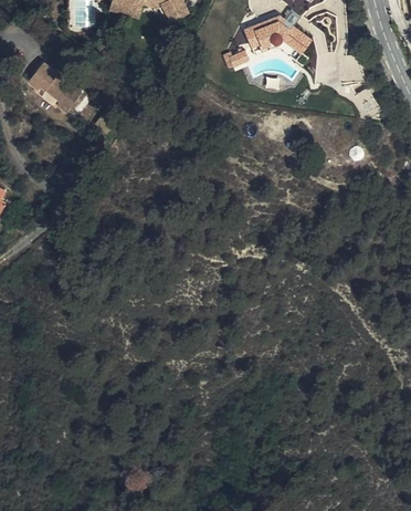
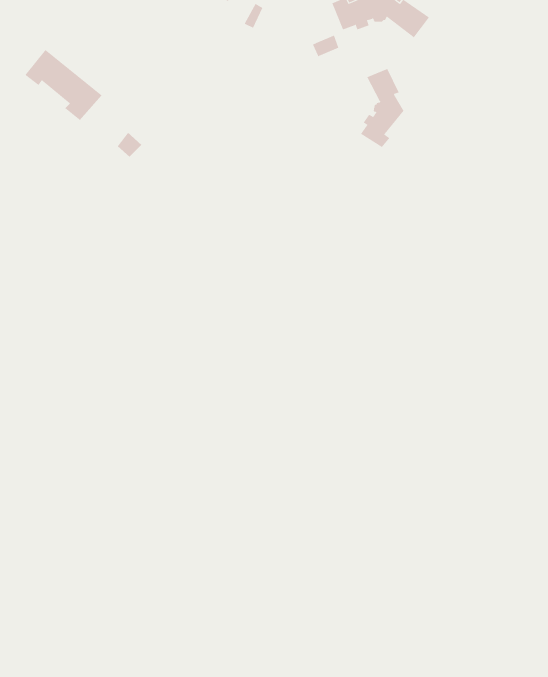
building: none -> [360,68,404,148]

